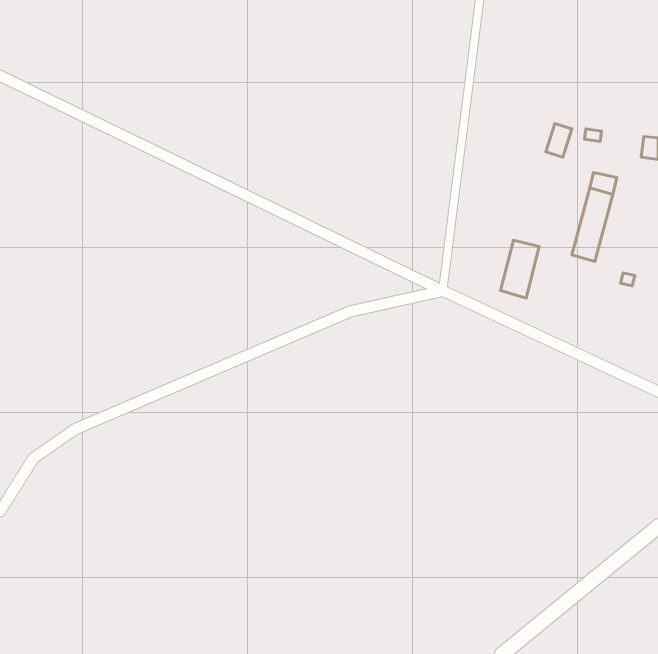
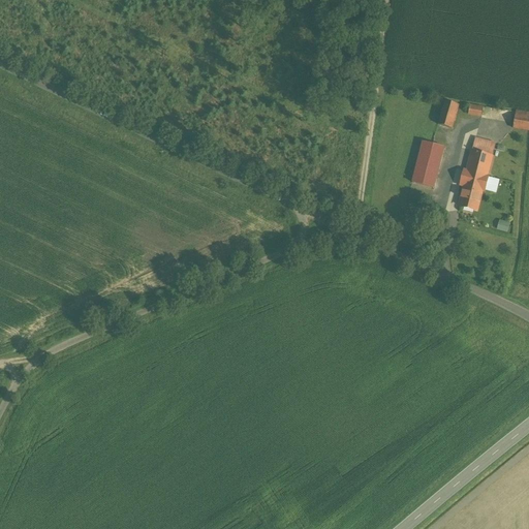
building: [501,240,539,298] -> [412,139,443,186]

